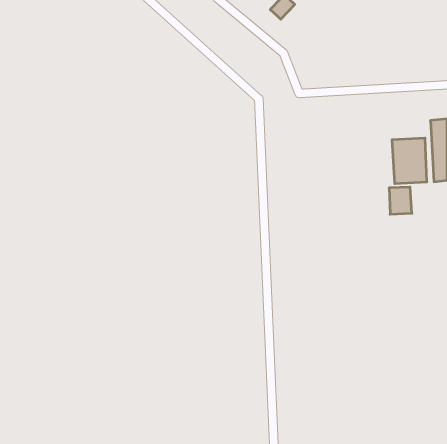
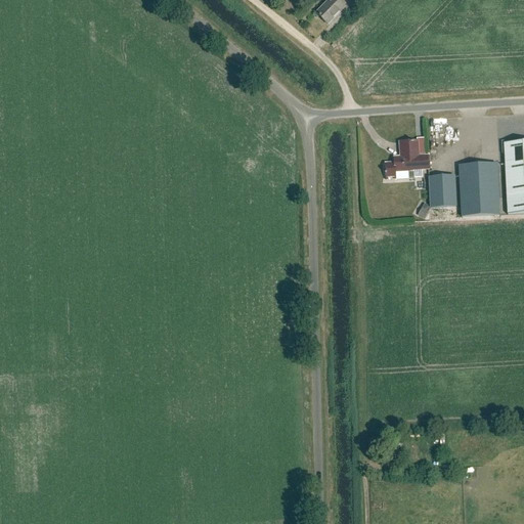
building: none -> [385,139,429,177]
building: [389,187,412,214] -> [430,174,456,206]

